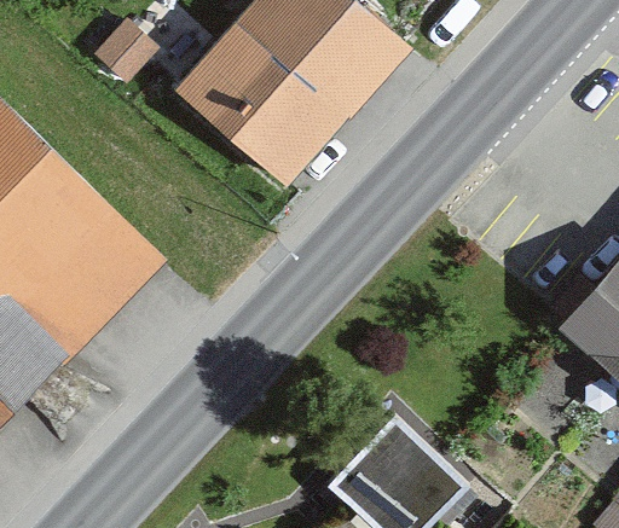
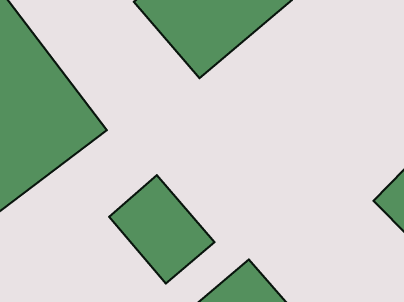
building: none -> [109,175,215,284]

